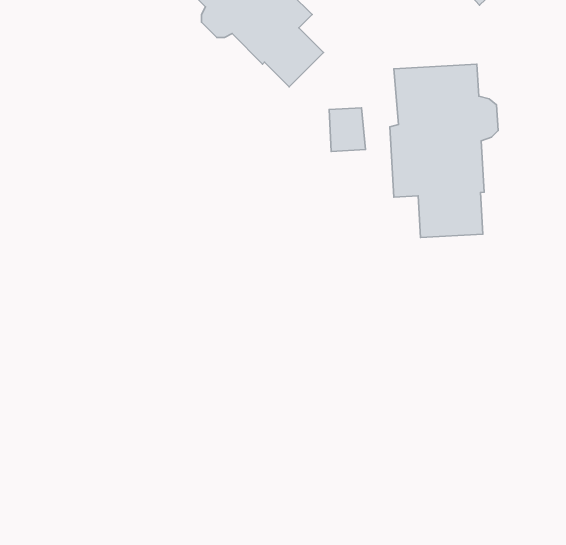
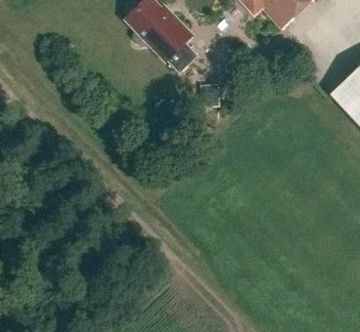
building: [390,64,498,237] -> none

